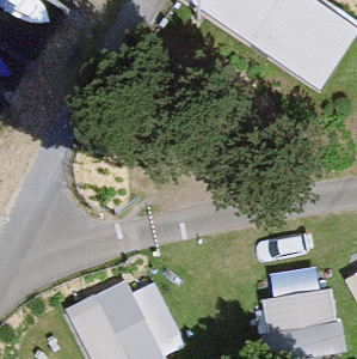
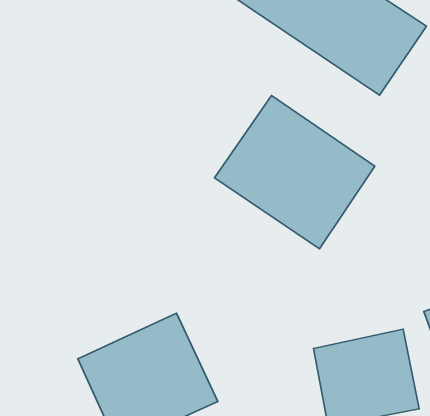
building: none -> [215,96,375,249]

